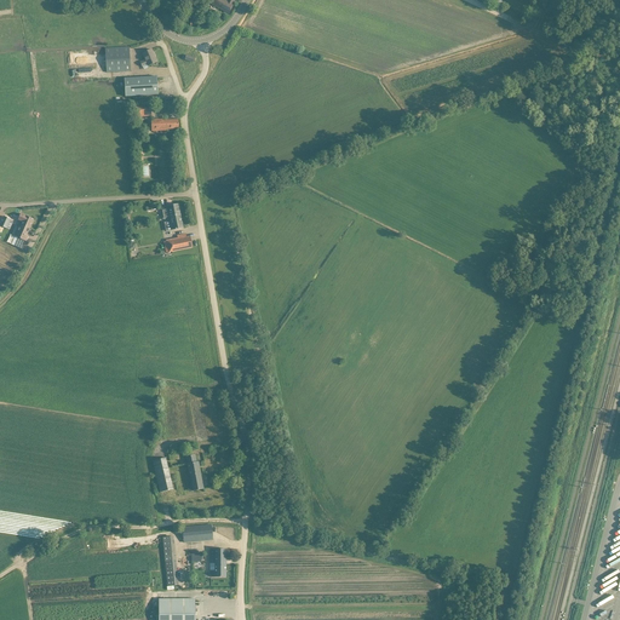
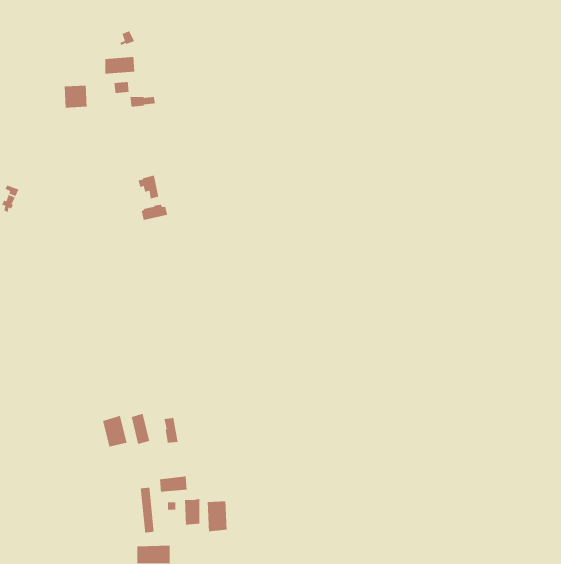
building: [104,46,130,71] -> [64,85,88,109]
building: none -> [102,415,127,448]
building: none -> [207,501,227,532]

